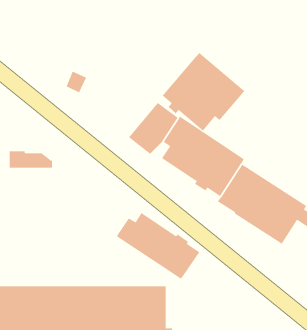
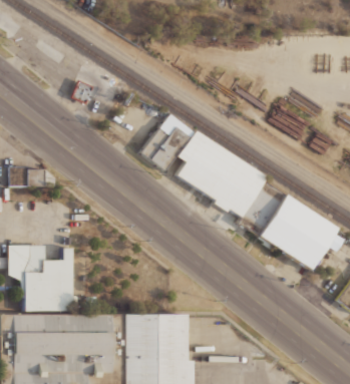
building: [162,52,245,132] -> none
building: [116,212,200,280] -> none
building: none -> [10,246,75,314]

